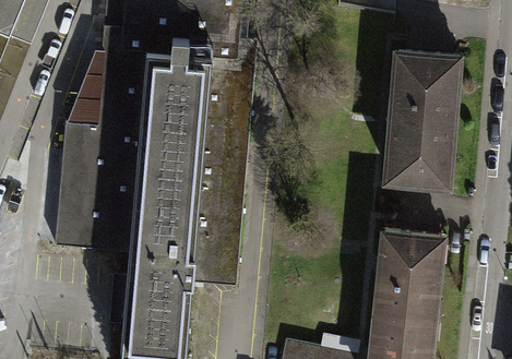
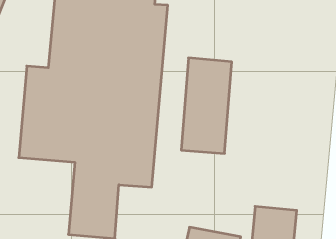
building: [388,52,456,182] -> [181,58,232,153]
building: [376,231,440,319] -> none

